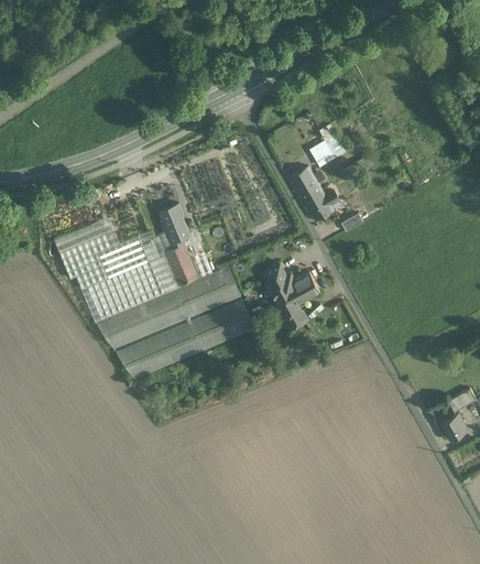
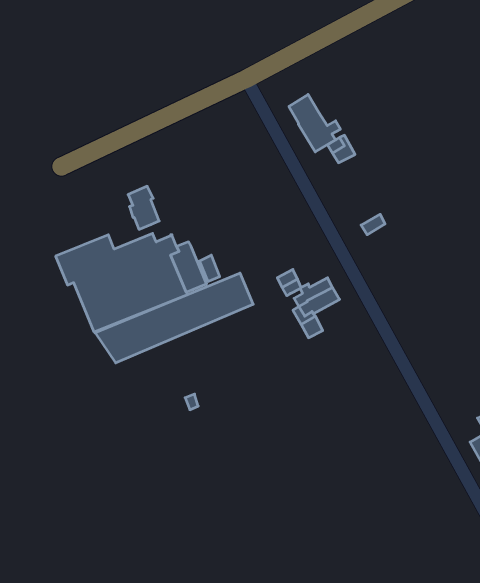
building: [291,166,338,219] -> [289,94,340,152]
building: [161,203,189,242] -> [128,186,159,229]
building: [116,299,255,379] -> none

